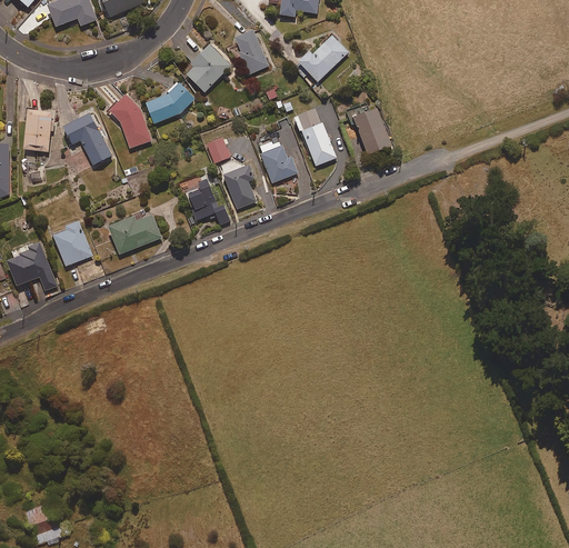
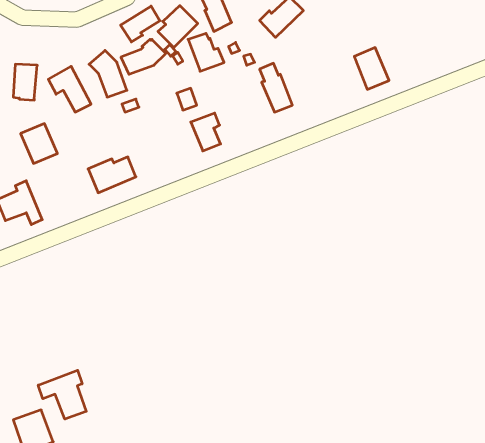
building: none -> [121,6,160,42]
building: [353,109,392,156] -> [354,48,389,89]
building: [258,140,298,182] -> [188,33,224,71]
building: [184,182,229,225] -> none
building: [51,221,92,266] -> [21,124,57,163]
building: none -> [38,370,86,419]

